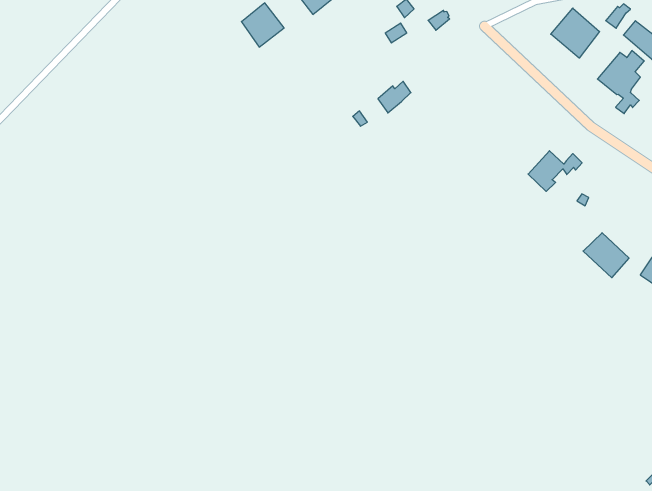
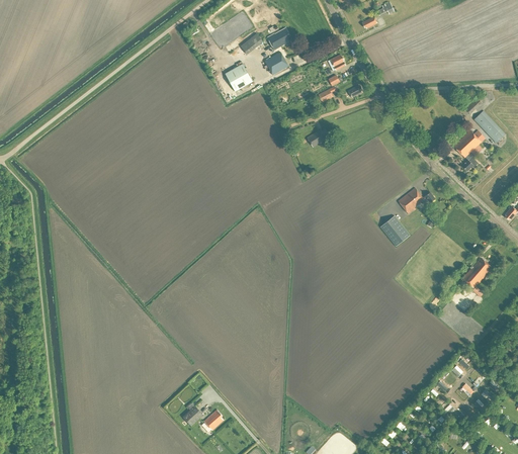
building: [551,8,600,58] -> none
building: [583,233,629,278] -> [379,215,409,246]

